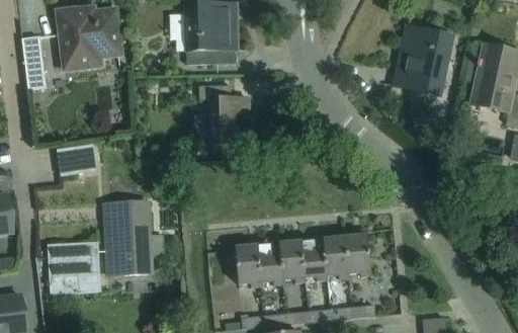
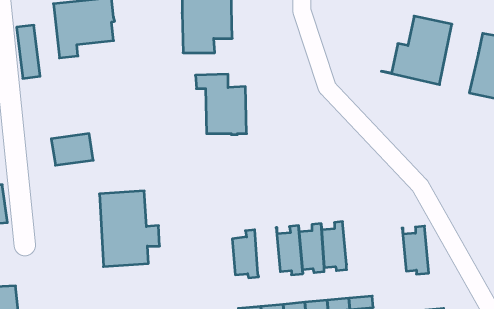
building: [344,229,370,276] -> [402,226,429,274]
building: [257,237,282,285] -> none
building: [47,242,101,294] -> none

